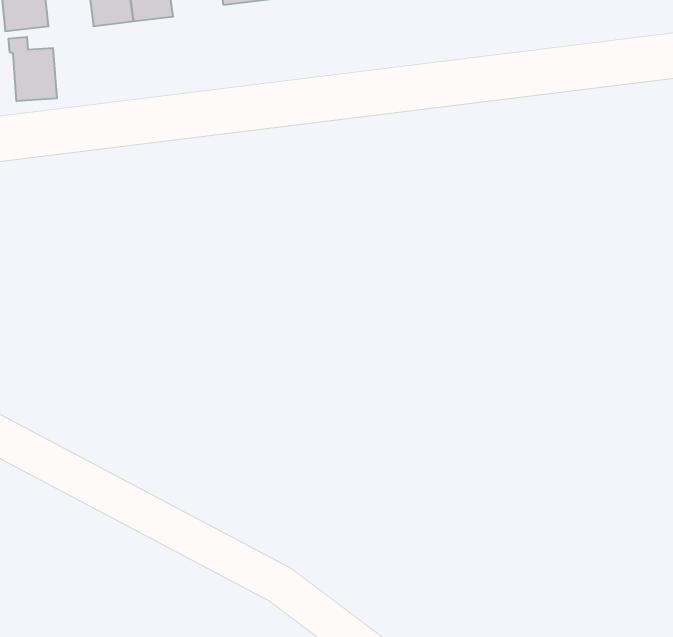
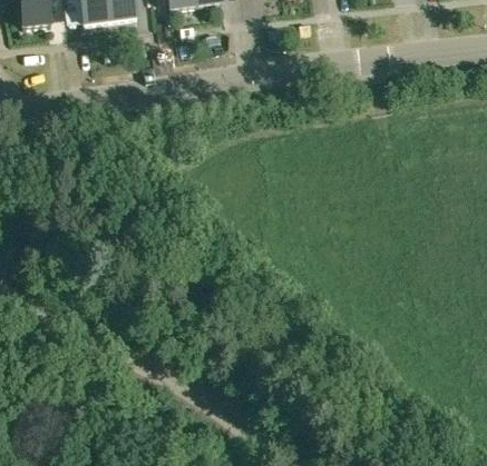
building: [8,37,57,101] -> none

